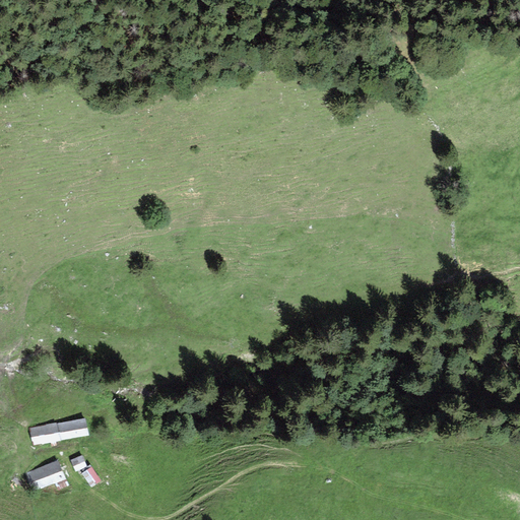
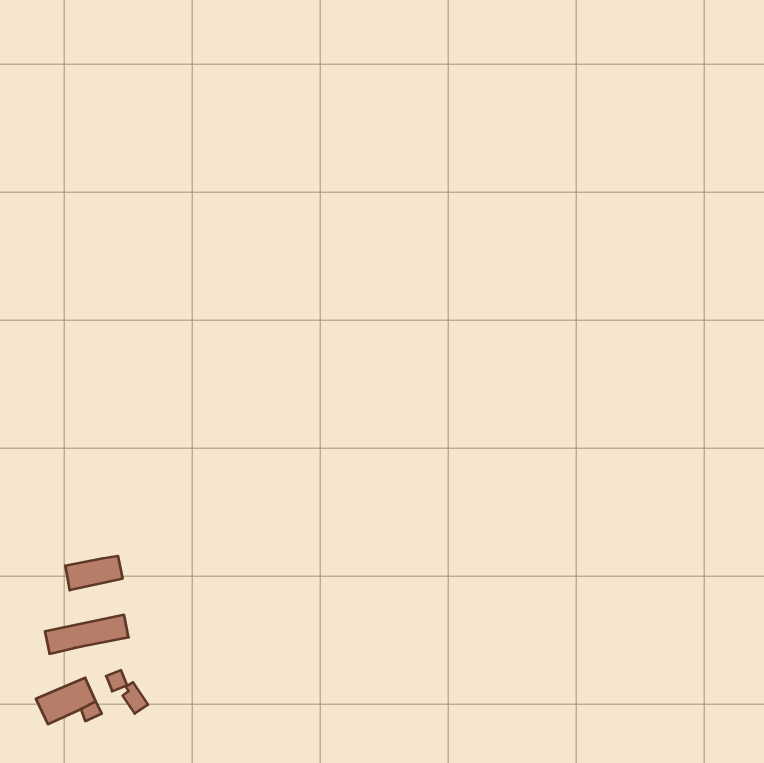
building: none -> [65,556,122,590]

